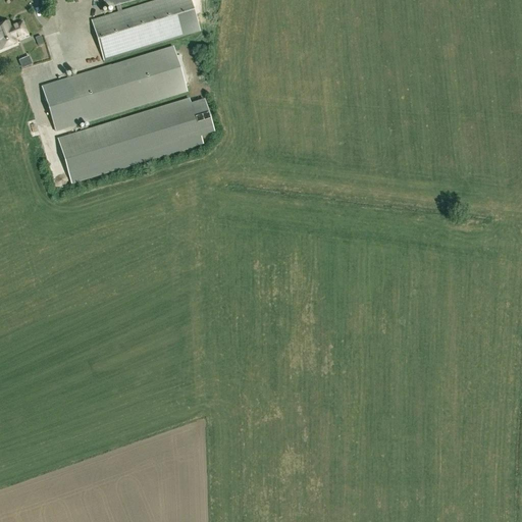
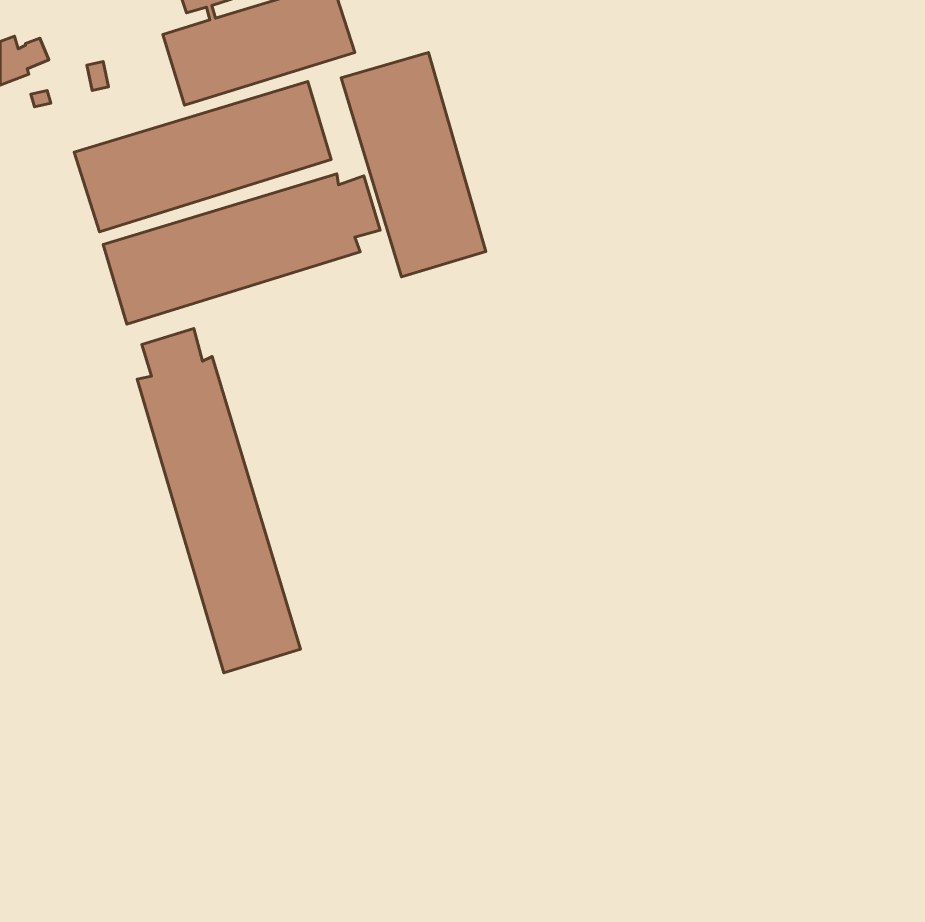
building: none -> [341,53,486,277]
building: none -> [137,329,300,673]

